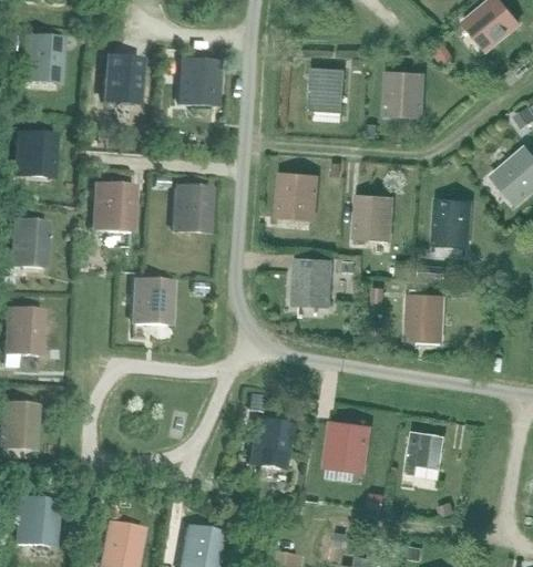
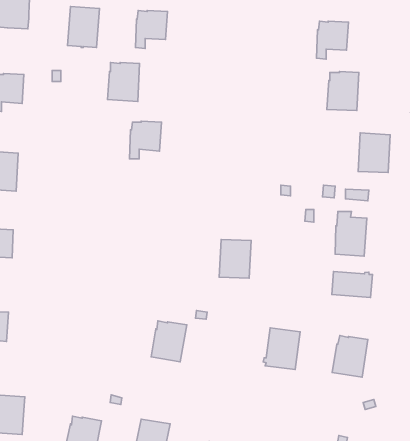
building: [310,66,347,111] -> none
building: [280,174,318,216] -> none
building: [94,185,131,229] -> [108,63,140,101]
building: [357,195,393,239] -> [327,72,359,110]
building: [296,259,332,303] -> [219,239,251,278]
building: [133,278,170,323] -> none
building: none -> [332,271,372,297]
building: [249,420,290,466] -> [151,321,187,362]

